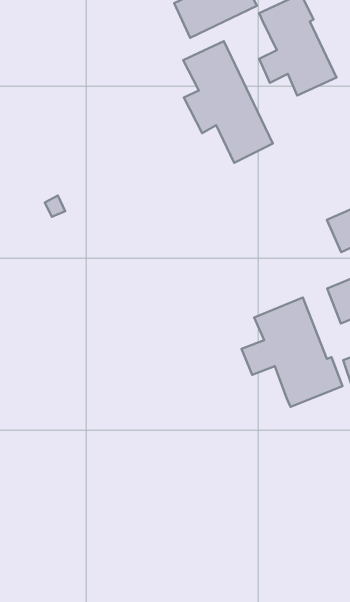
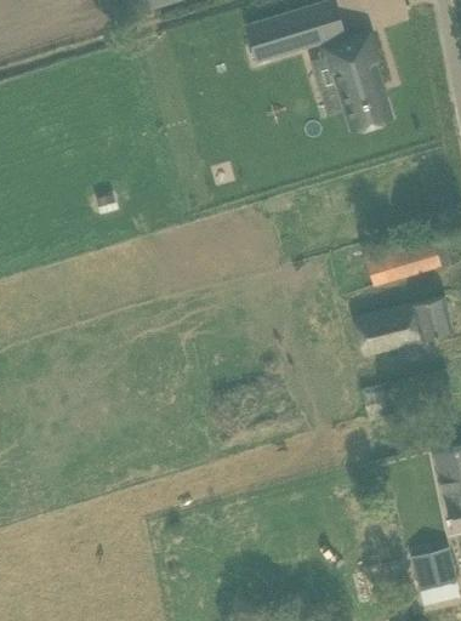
building: [183,41,273,163] -> none
building: [242,297,343,407] -> none

